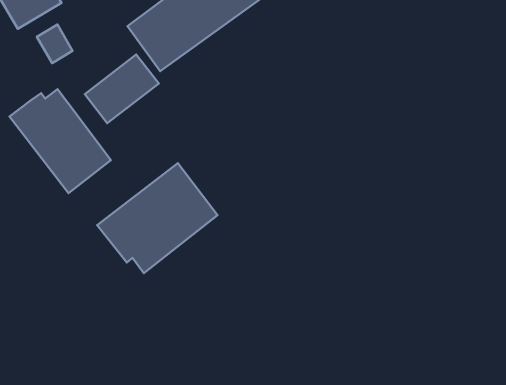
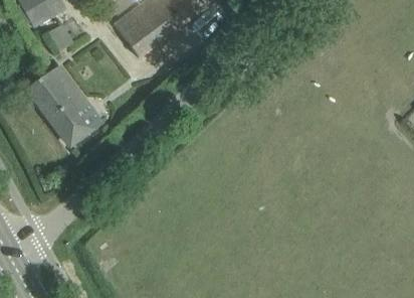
building: [85,54,159,123] -> none
building: [97,163,217,273] -> none

